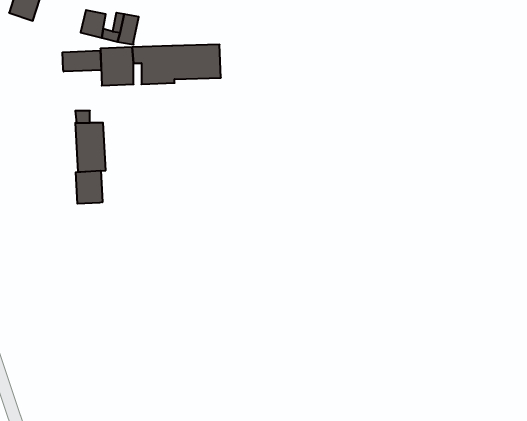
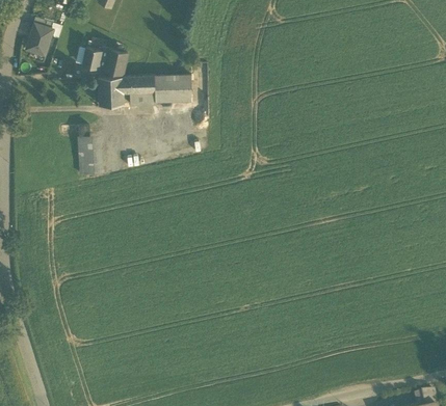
building: [63,51,101,72] -> none
building: [76,171,102,204] -> none

